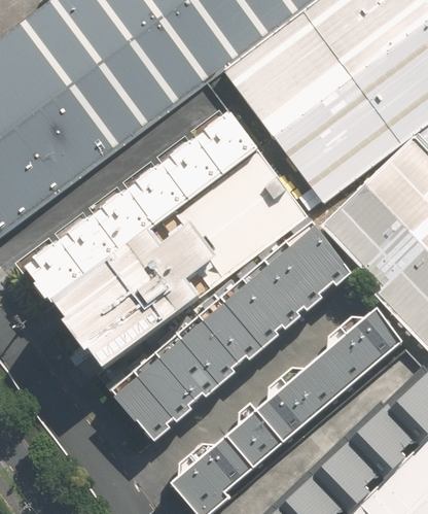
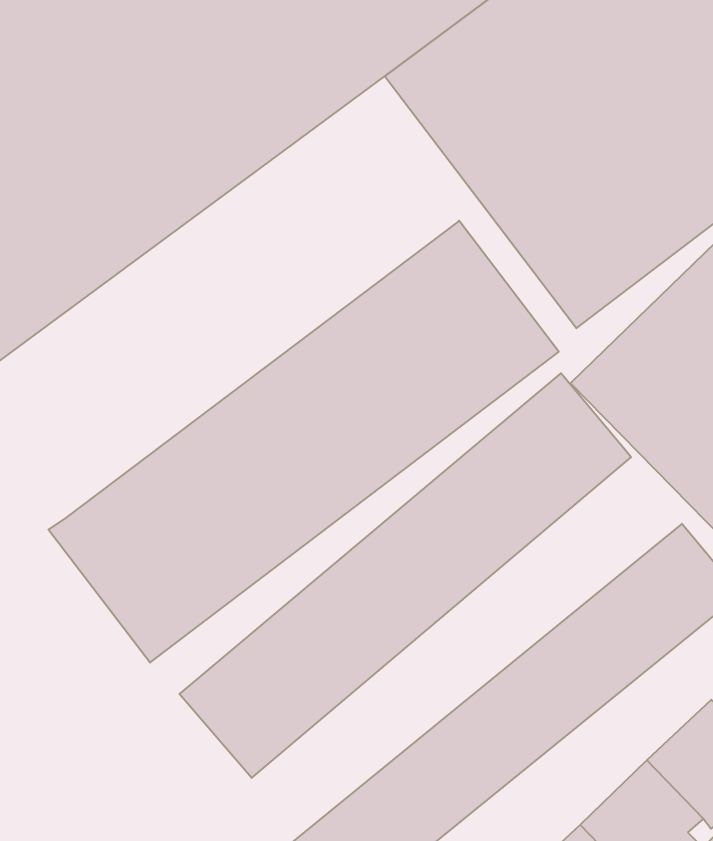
building: [25,107,260,302] -> none

